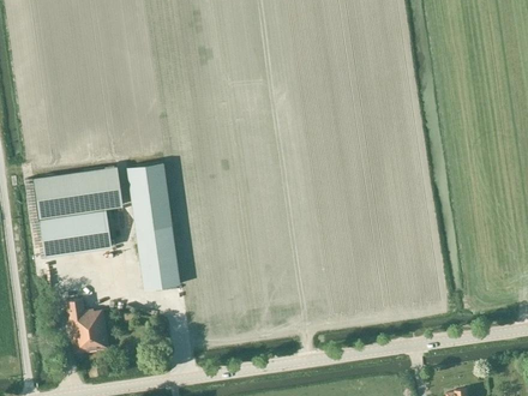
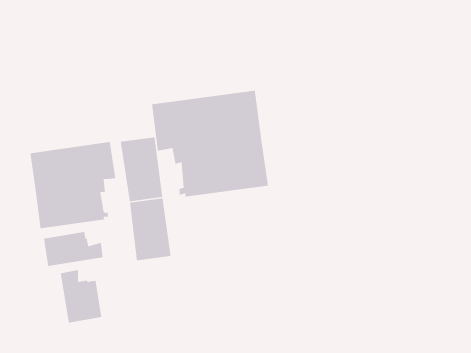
building: none -> [151,90,269,198]
building: none -> [43,231,103,267]

